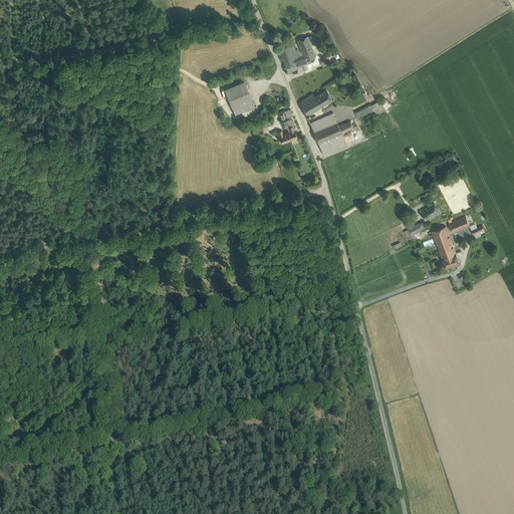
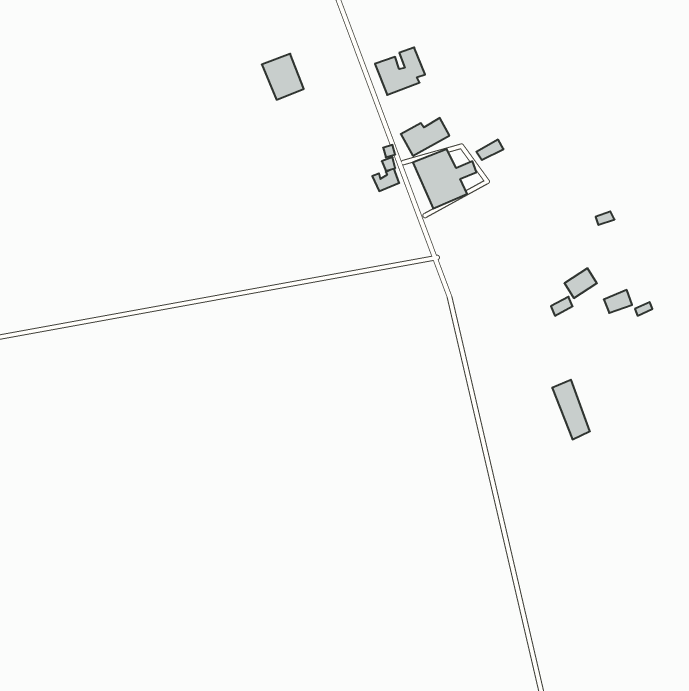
building: [223,80,254,114] -> [262,54,304,100]
building: [431,225,459,269] -> [552,380,590,439]

